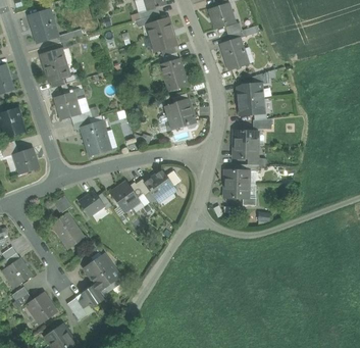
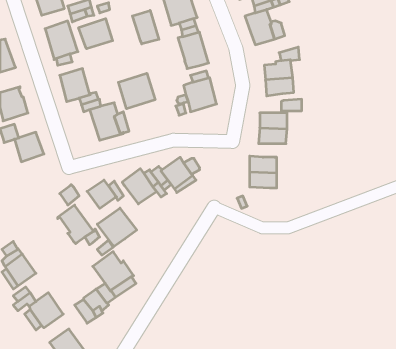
building: none -> [132,10,159,44]
building: none -> [79,19,113,49]
building: none -> [118,73,155,109]
building: none -> [97,208,137,247]

